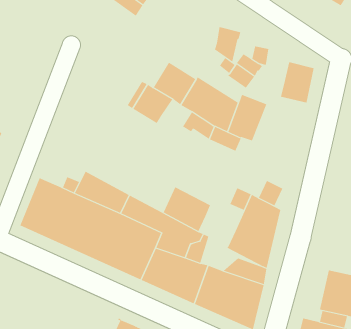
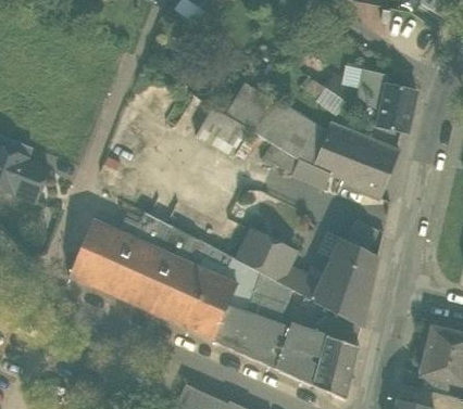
building: [214,27,241,63] -> [356,68,388,111]
building: none -> [340,133,399,199]
building: none -> [279,265,322,301]

